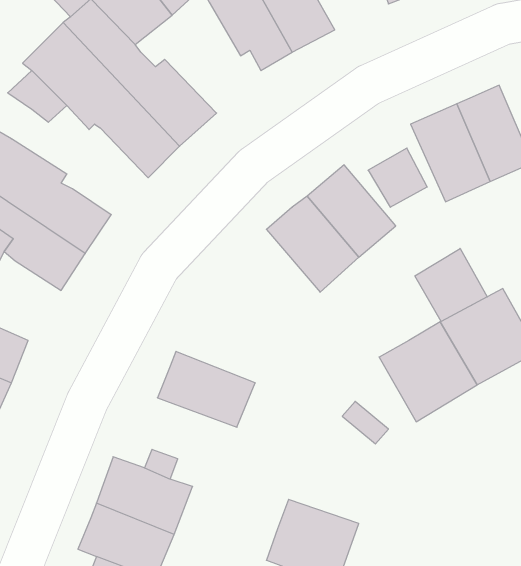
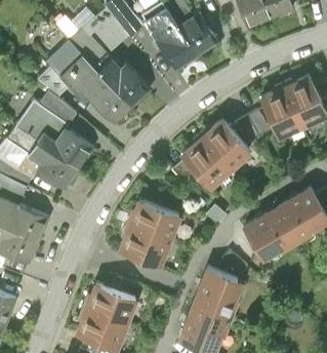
building: none -> [39,88,79,124]
building: [415,248,487,321] -> none
building: none -> [130,198,183,240]
building: none -> [193,267,245,318]

